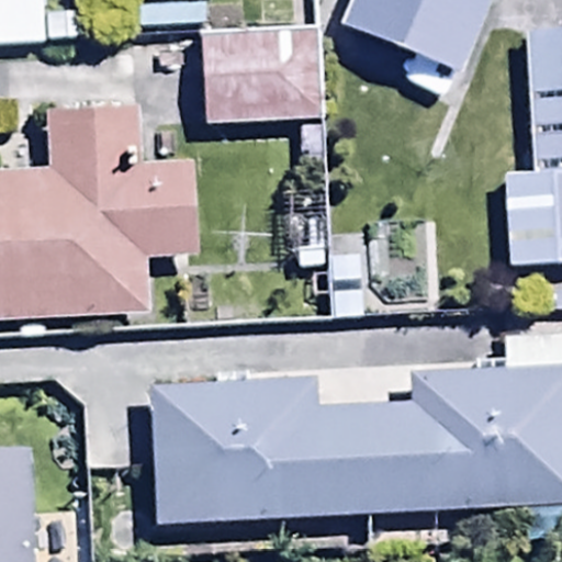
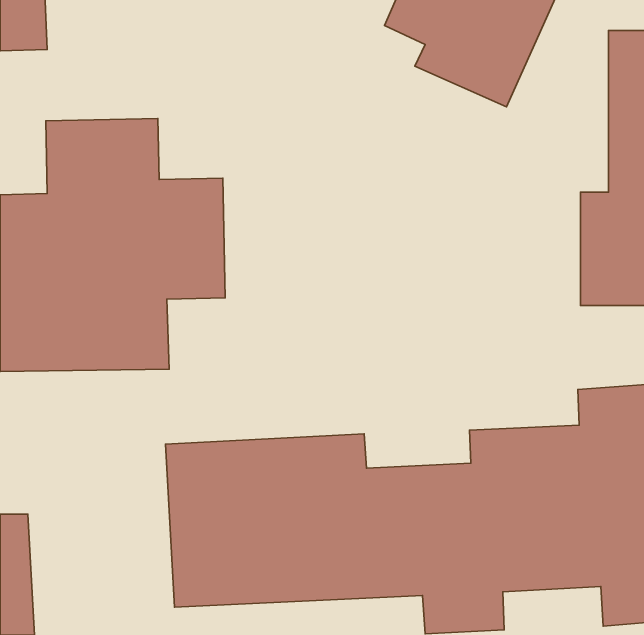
building: [201,23,321,121] -> none

